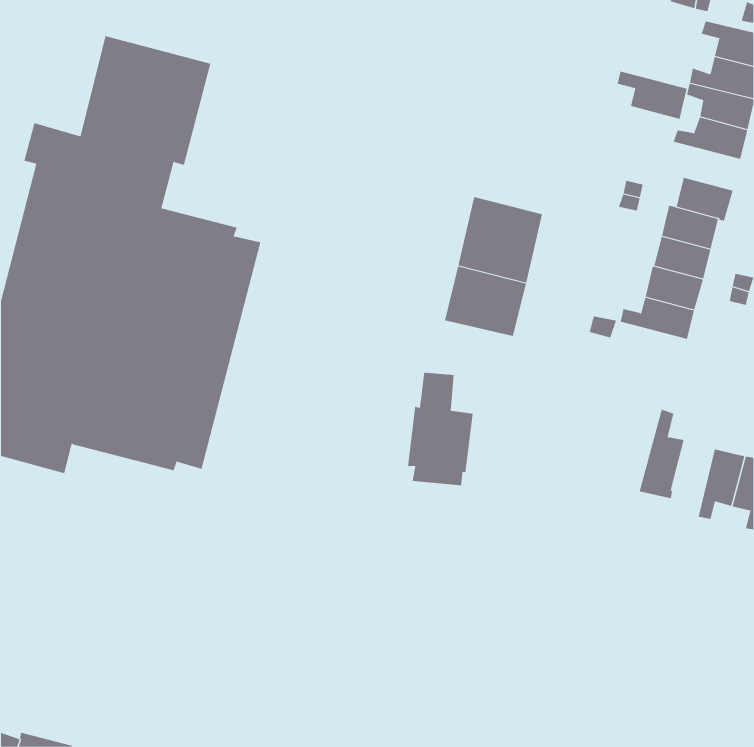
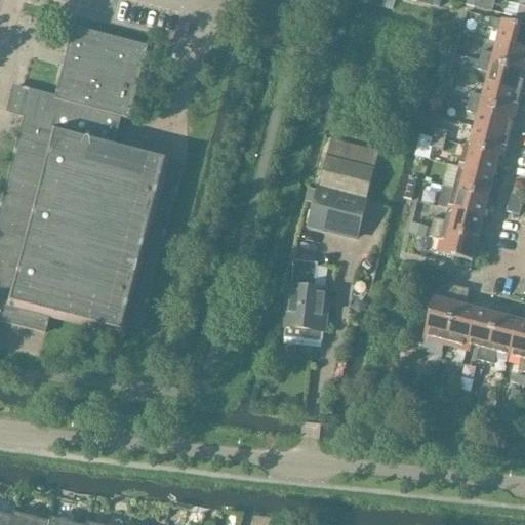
building: [617,71,688,119] -> [466,98,515,132]
building: none -> [429,224,478,257]
building: none -> [422,282,459,341]
building: none -> [467,306,496,359]

